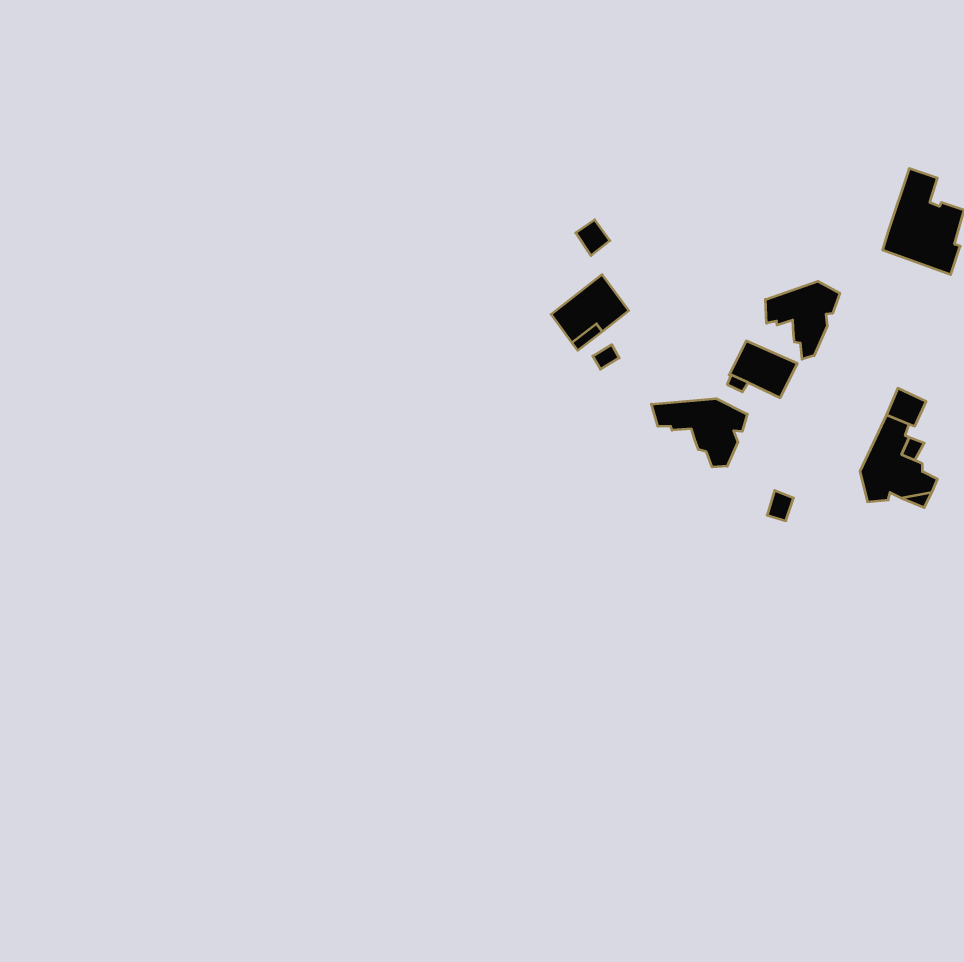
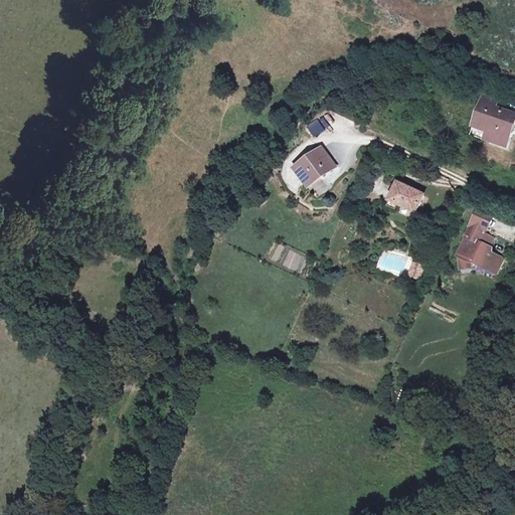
building: [765,281,840,359] -> none
building: [651,399,747,467] -> none

